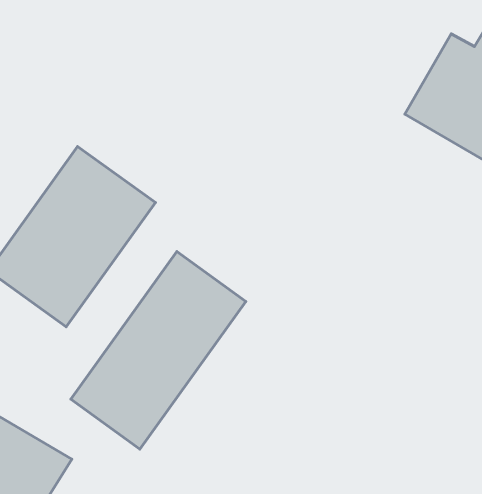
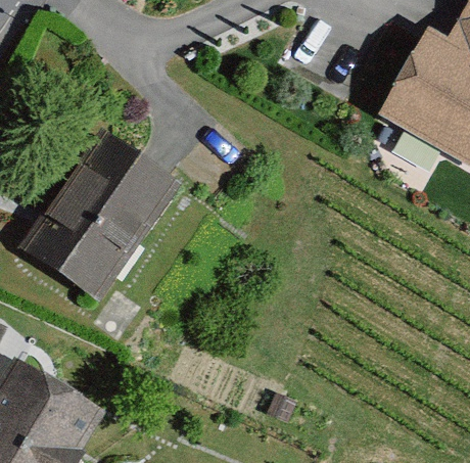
building: [71,251,246,449] -> none

